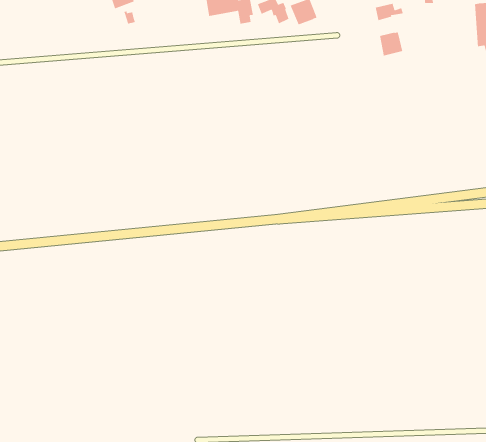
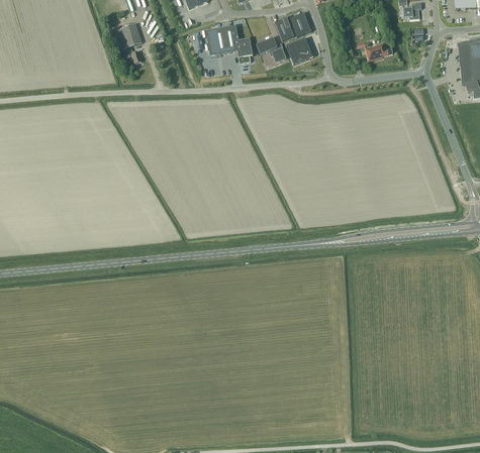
building: [379,31,403,56] -> none

